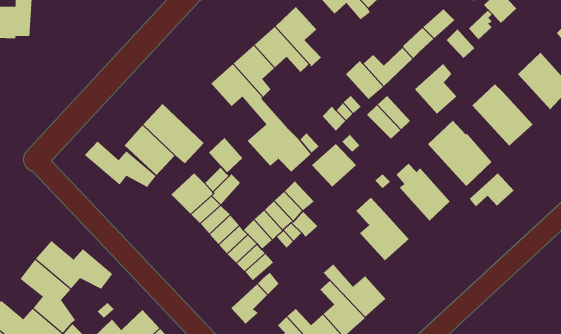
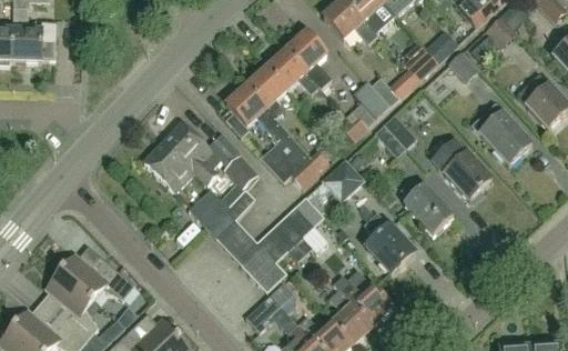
building: [414,63,457,114] -> none
building: [84,141,157,188] -> none
building: [469,173,514,207] -> none

